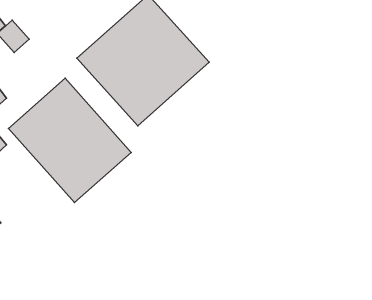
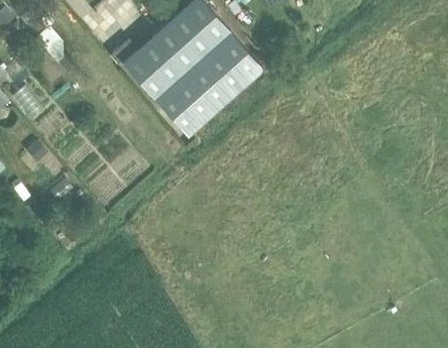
building: [8,78,131,202] -> none

